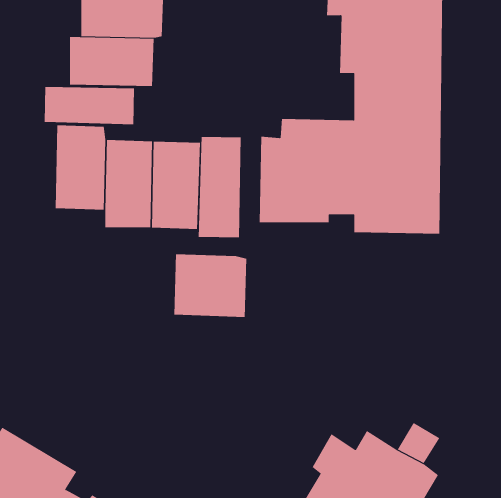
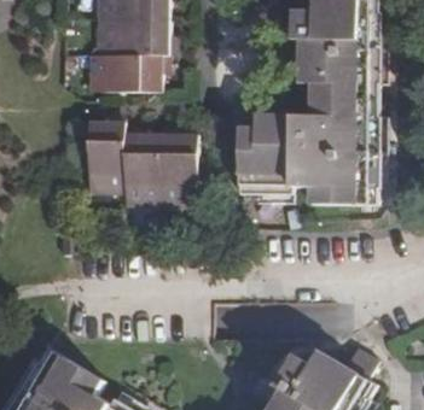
building: [44,86,135,125] -> none
building: [198,136,241,238] -> none
building: [174,253,247,318] -> none

